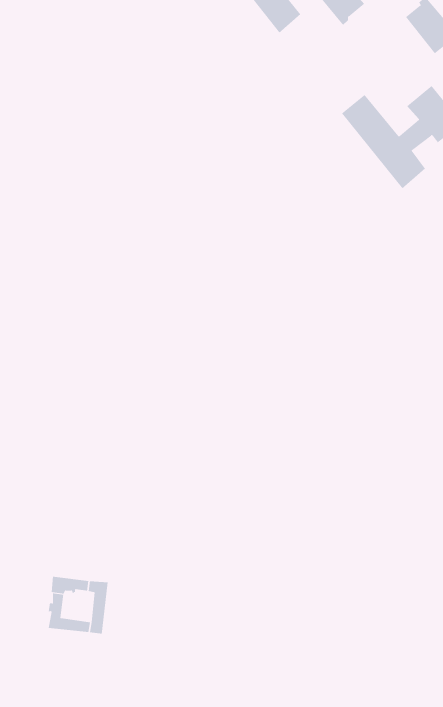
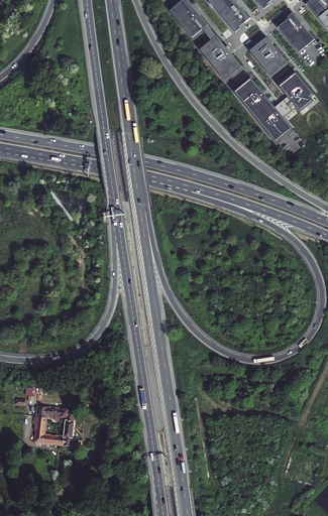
building: none -> [199,35,240,79]
building: none -> [249,36,287,75]

